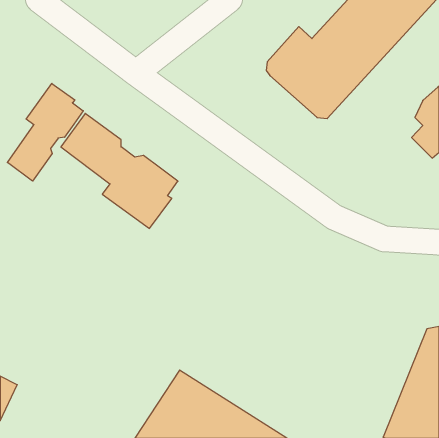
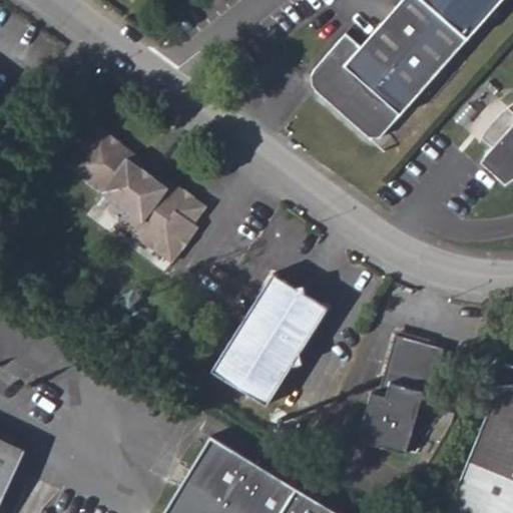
building: [7,83,83,181] -> none
building: none -> [210,280,329,413]
building: none -> [356,343,444,464]

